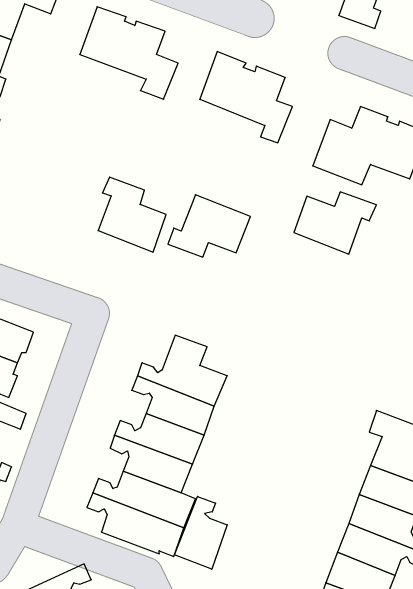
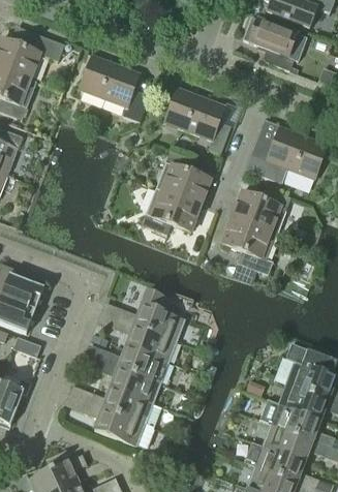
building: [98,177,166,252] -> [161,151,210,205]
building: none -> [221,216,272,274]
building: [174,496,227,569] -> none

